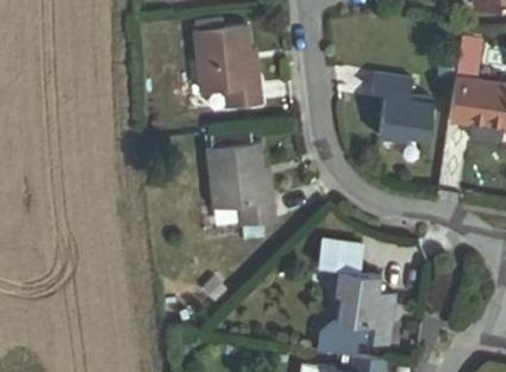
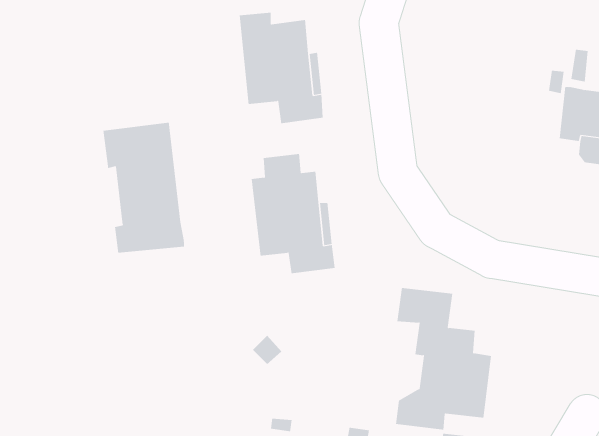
building: [374,76,435,145] -> none
building: none -> [103,122,184,254]

